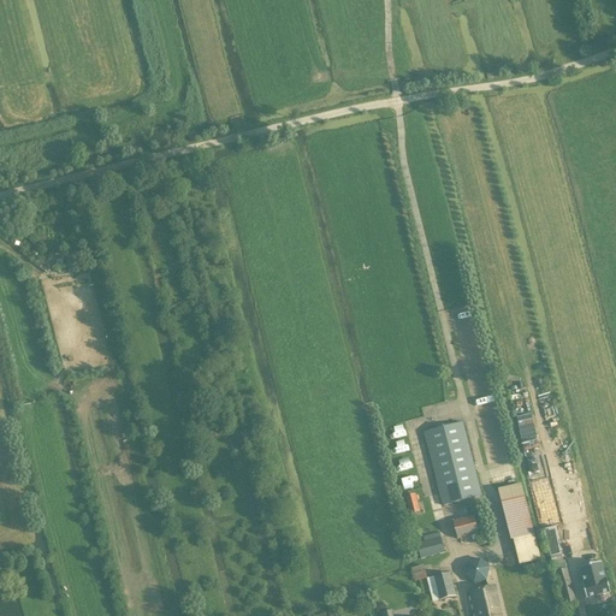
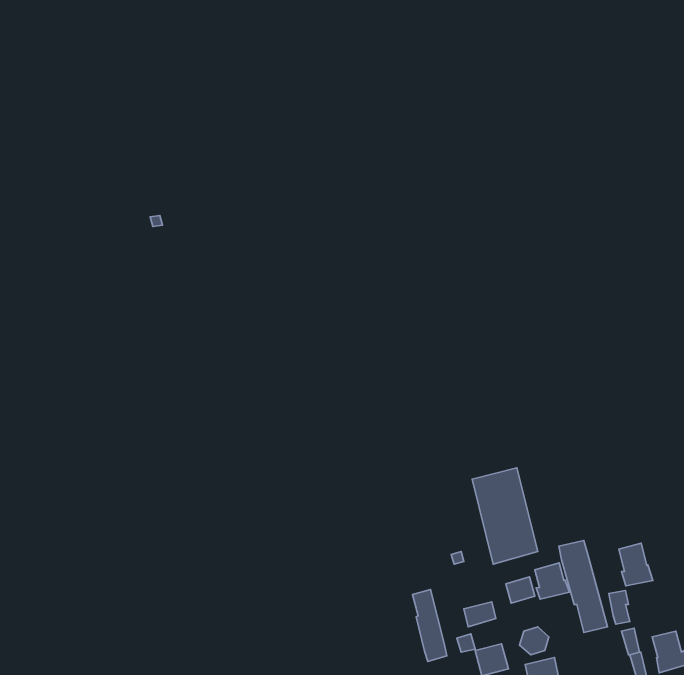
building: none -> [619,543,653,586]
building: none -> [535,563,569,599]
building: none -> [413,590,447,661]

